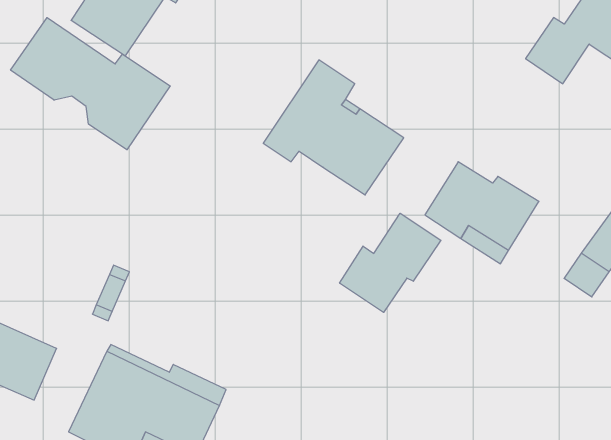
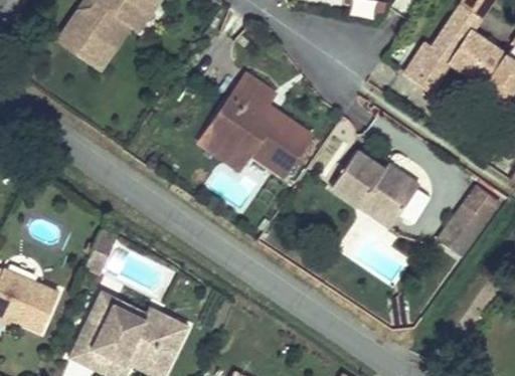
building: [11,18,170,150] -> none
building: none -> [201,135,253,171]
building: [340,213,441,312] -> none

